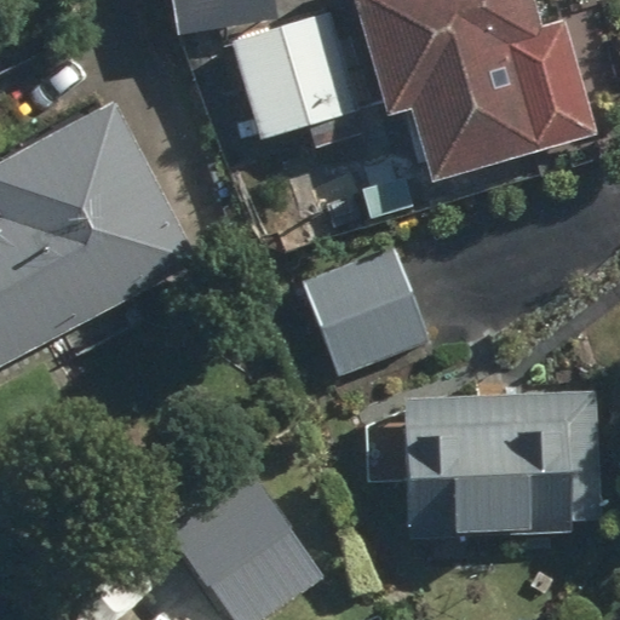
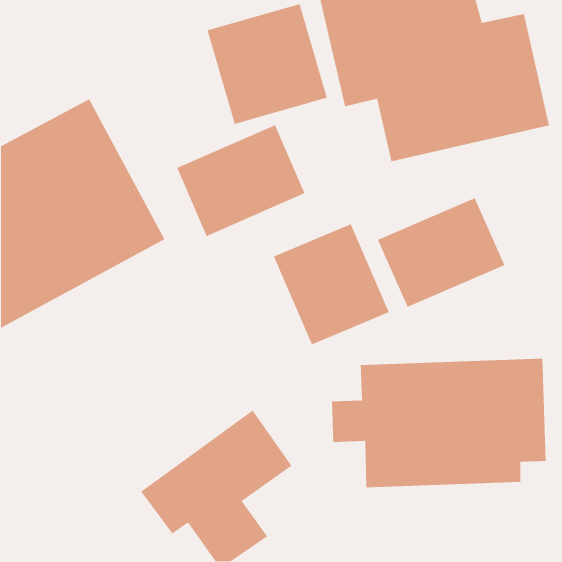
building: none -> [176,124,305,237]
building: none -> [377,197,506,308]

